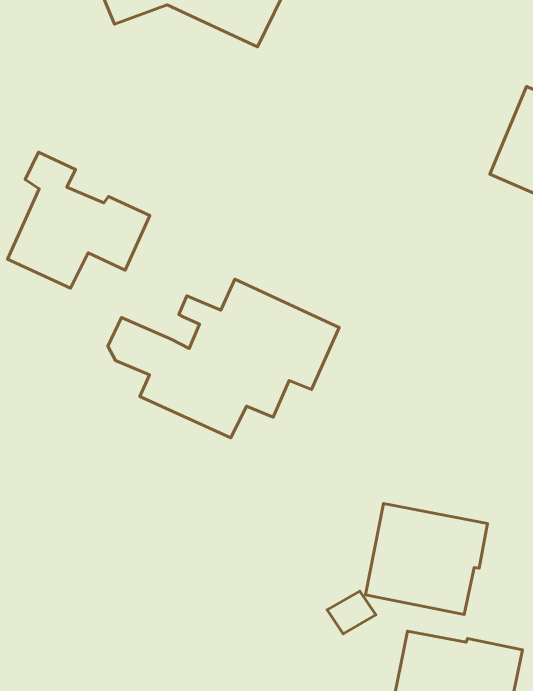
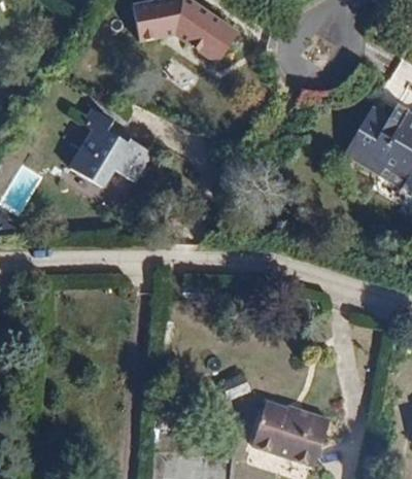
building: [108,279,339,438] -> none
building: [365,504,487,615] -> none

